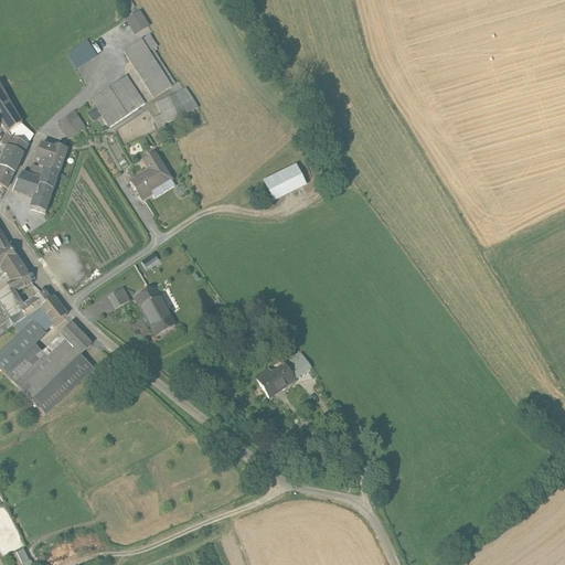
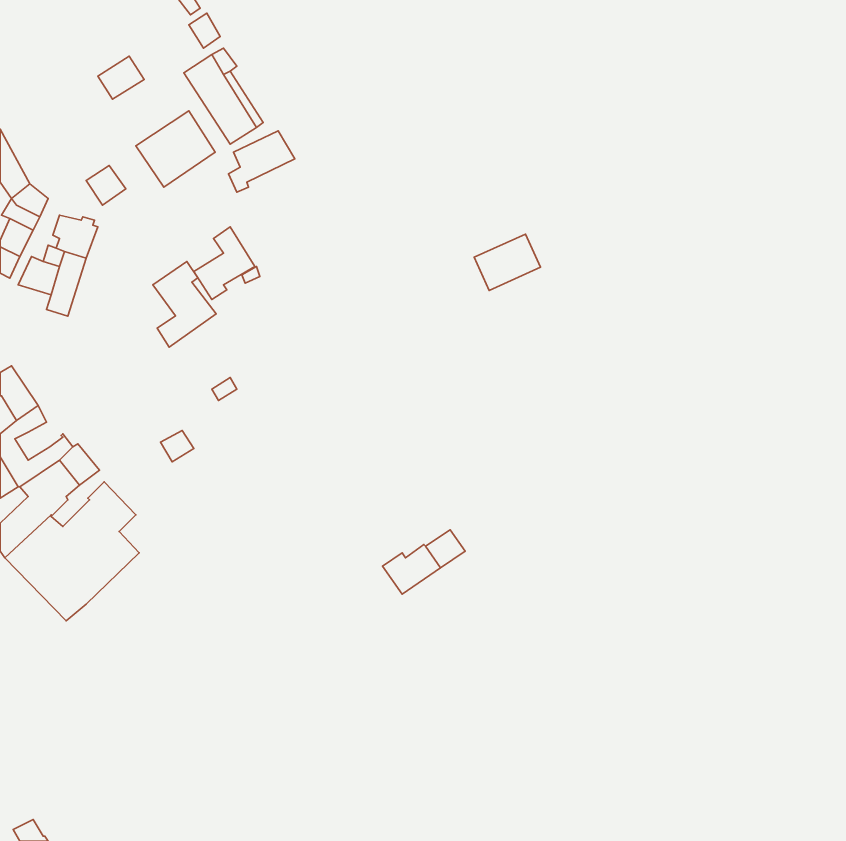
building: [260,162,305,200] -> [474,234,540,290]
building: none -> [153,261,216,347]
building: [134,286,174,334] -> none

